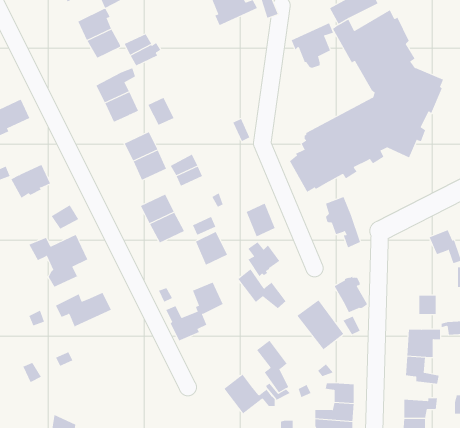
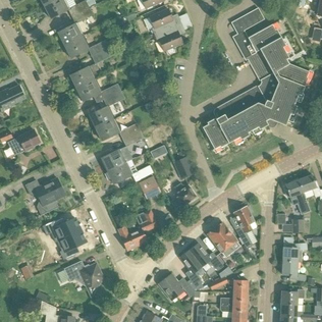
building: [291,22,334,68] -> [155,22,184,54]
building: [325,196,361,248] -> [285,178,310,214]
building: [238,269,287,309] -> [190,243,223,270]
building: none -> [57,229,88,259]
building: none -> [64,261,104,293]

